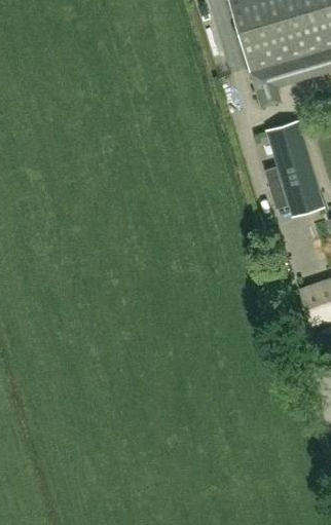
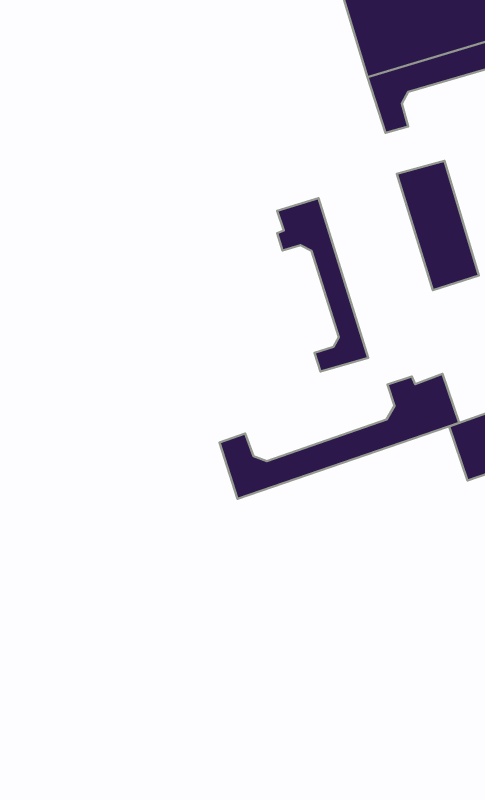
building: none -> [277,198,368,371]
building: none -> [220,374,459,499]

